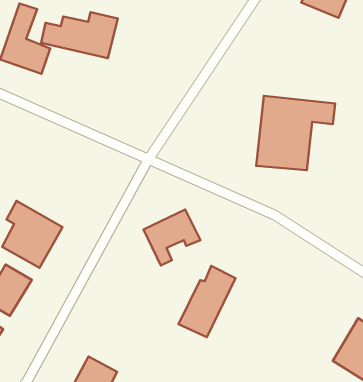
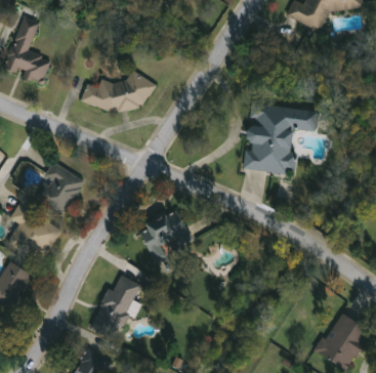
building: [41,12,118,58] -> [81,73,153,116]
building: none -> [30,161,84,215]
building: [178,266,235,337] -> [88,275,141,341]

